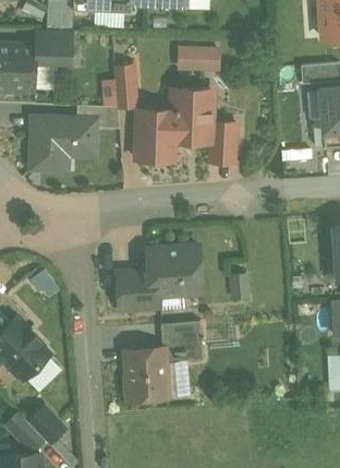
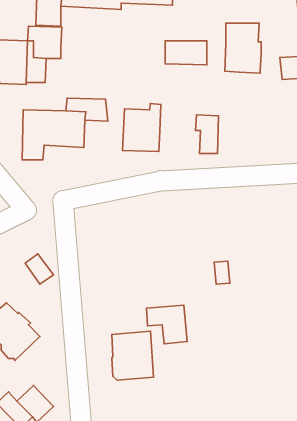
building: [117,67,137,107] -> none
building: [175,91,214,143] -> [225,23,261,73]
building: [117,248,202,312] -> none

